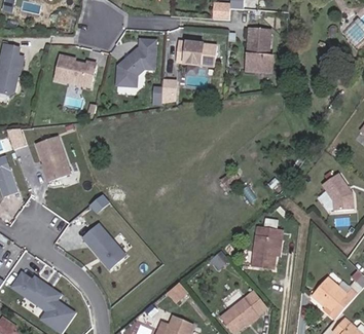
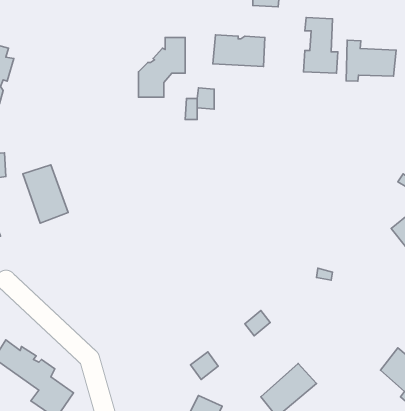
building: none -> [346,40,396,81]
building: [58,53,100,87] -> none
building: [81,223,125,268] -> none
building: [250,225,279,267] -> none

